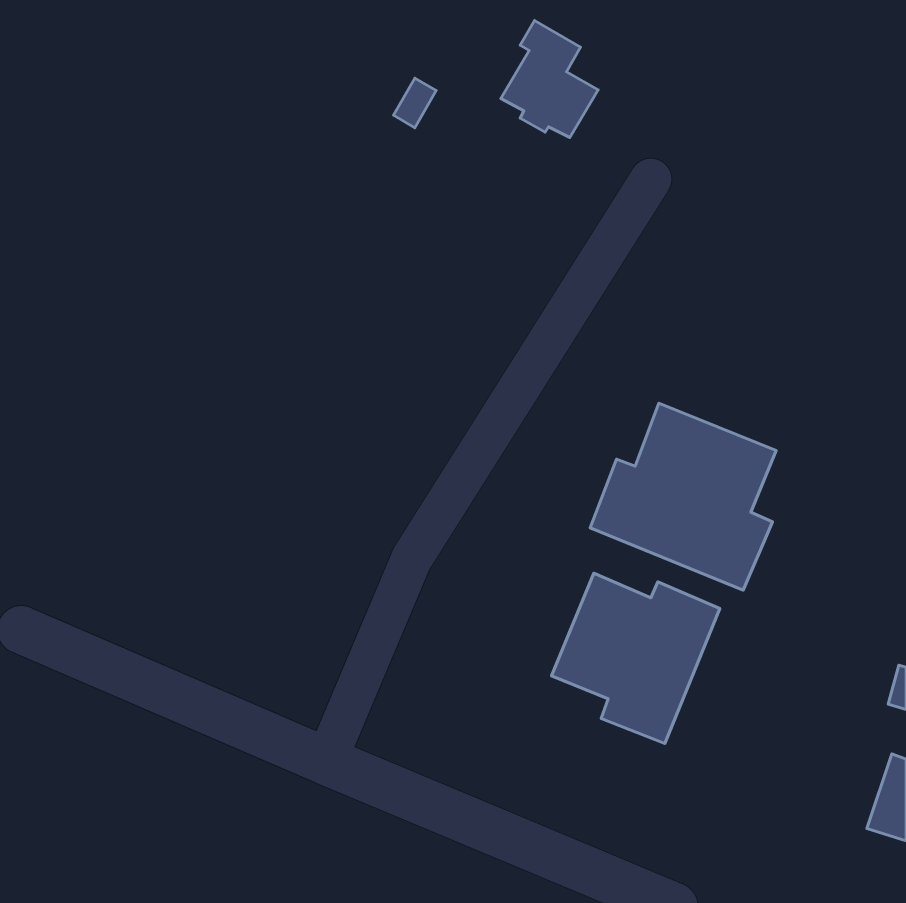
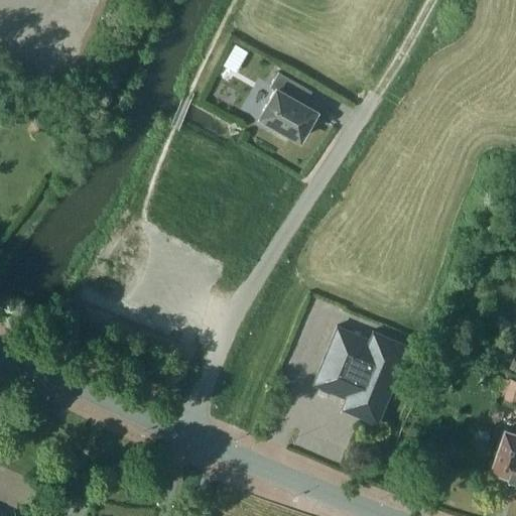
building: [501,20,598,138] -> [261,74,316,140]
building: [590,403,776,590] -> none

